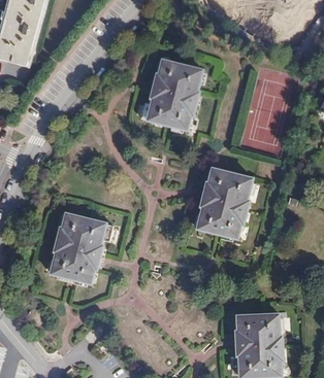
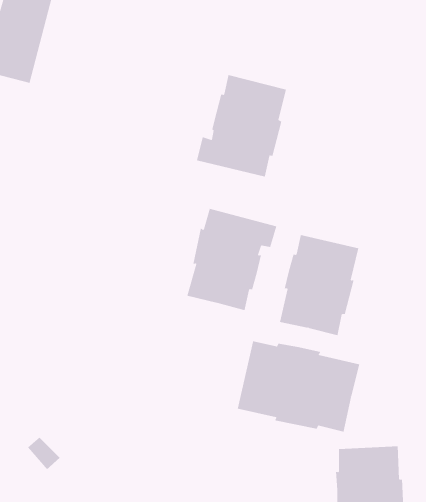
building: [50,214,111,284] -> [186,208,277,311]
building: none -> [237,340,360,433]

